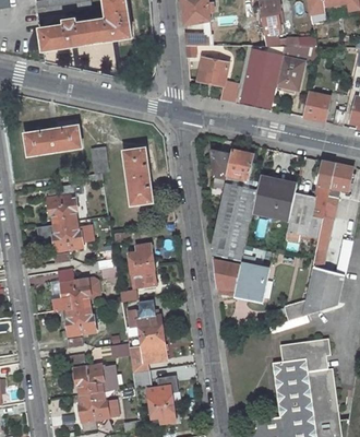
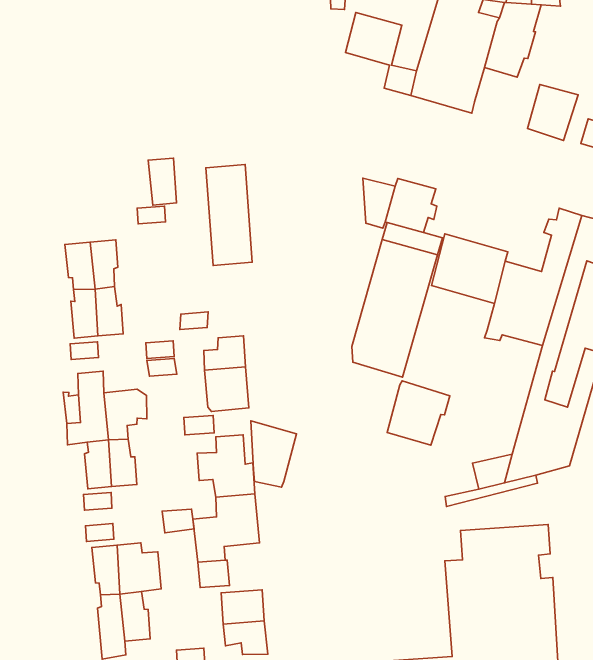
building: [24,125,82,154] -> none
building: [214,259,240,295] -> [251,421,297,487]

